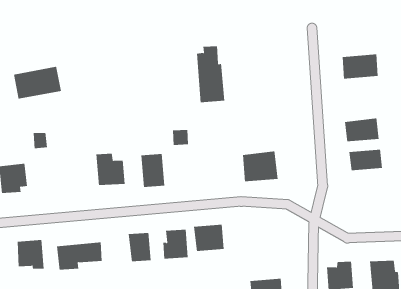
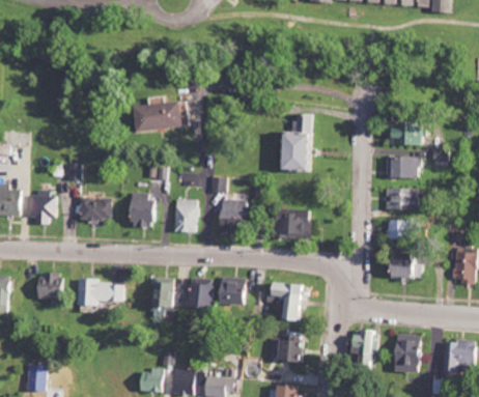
building: [196,46,225,103] -> [290,114,317,172]
building: [13,66,62,99] -> [136,102,184,131]
building: none -> [386,157,421,177]
building: none -> [220,199,253,233]
building: none -> [79,197,111,220]
building: none -> [386,257,422,278]
building: none -> [266,283,308,320]

